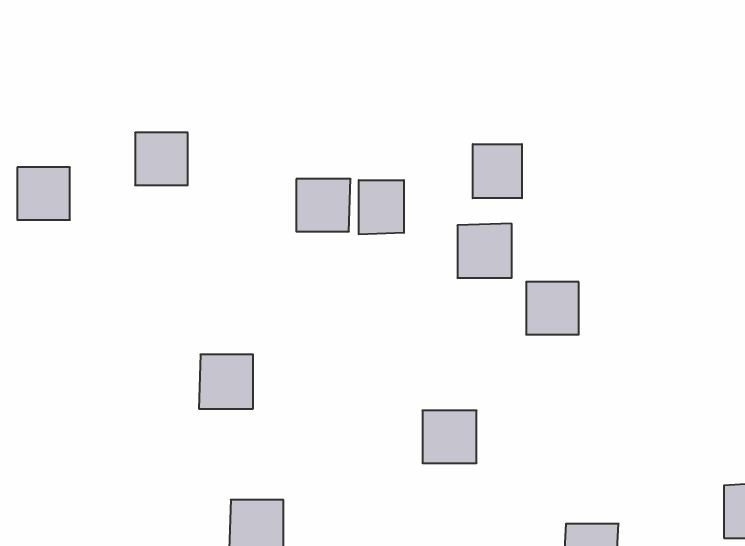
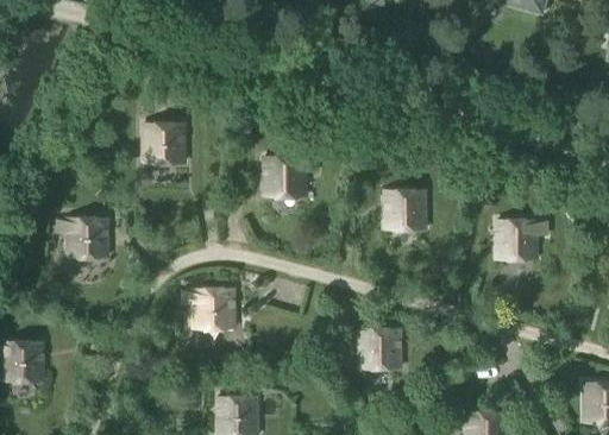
building: [473,144,522,198] -> none
building: [17,167,70,220] -> [70,216,109,256]
building: [359,180,404,234] -> none
building: [526,282,579,335] -> [500,221,539,260]

